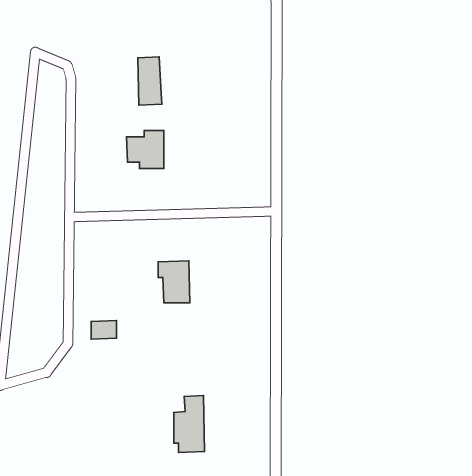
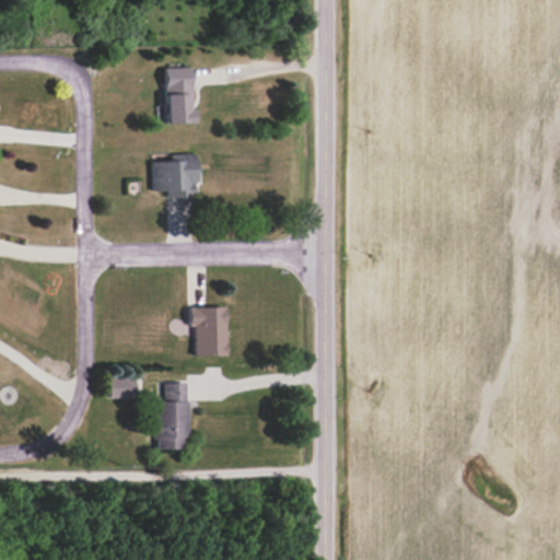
building: [174,396,205,452] -> [153,382,189,448]

